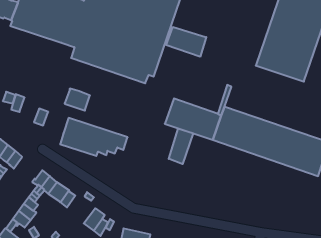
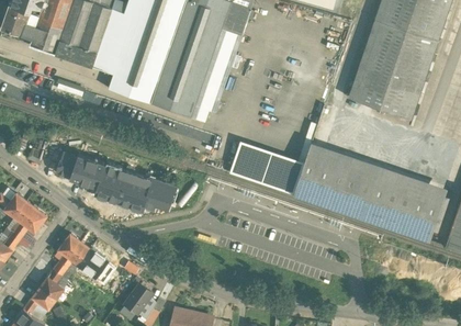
building: [166,27,206,57] -> none
building: [65,89,90,111] -> [72,157,105,186]
building: [169,129,193,164] -> none

